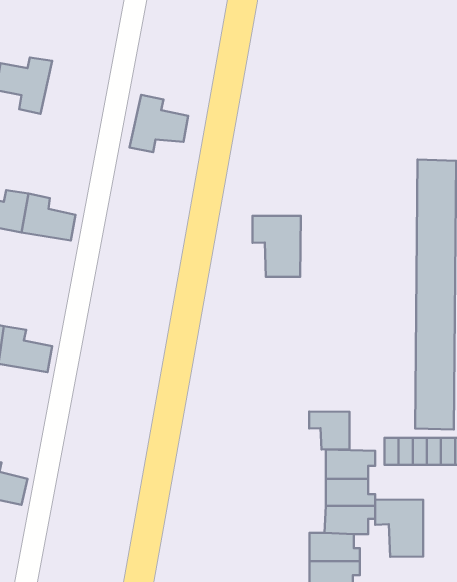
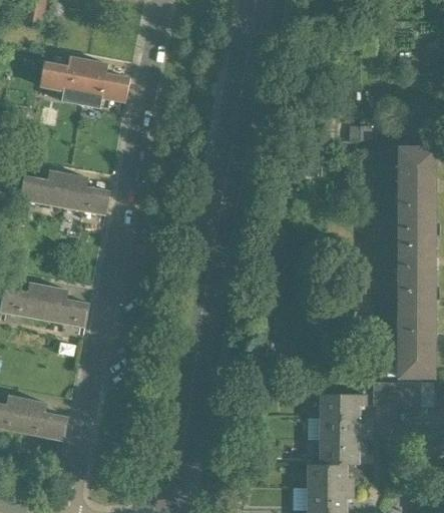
building: [130,95,188,152] -> [78,61,128,110]
building: [252,216,301,277] -> none
building: [309,412,349,450] -> none
building: [375,499,423,557] -> none

